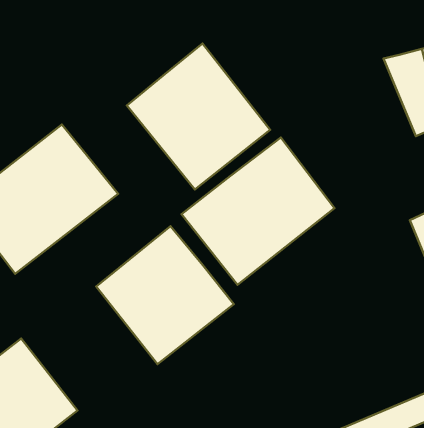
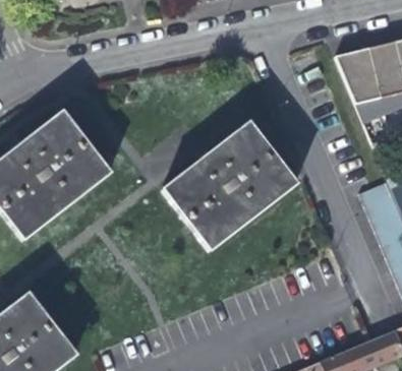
building: [127,44,270,190] -> none
building: [96,226,234,364] -> none

